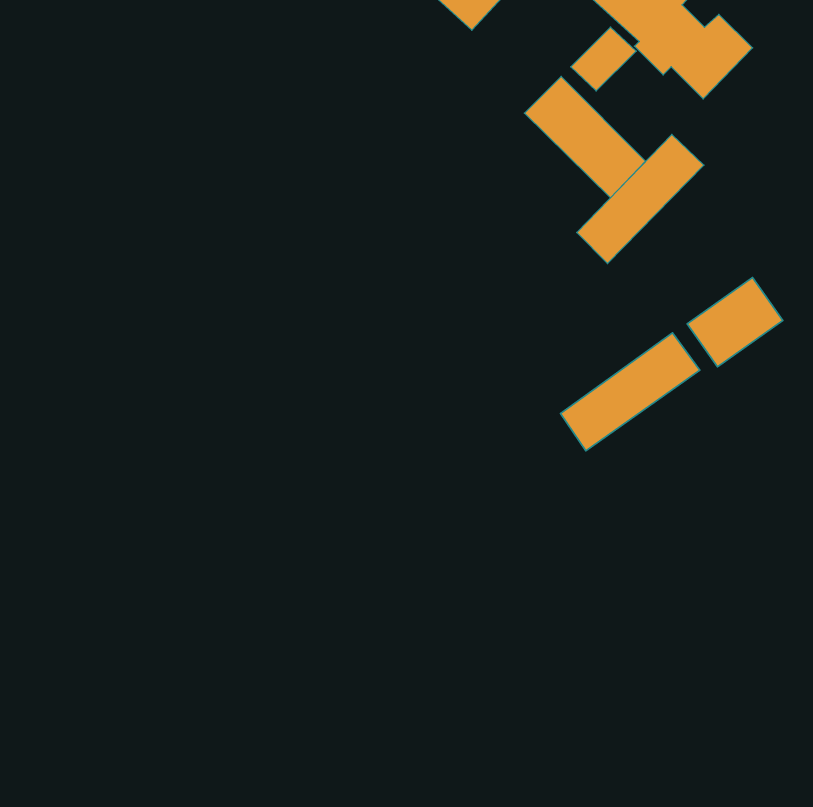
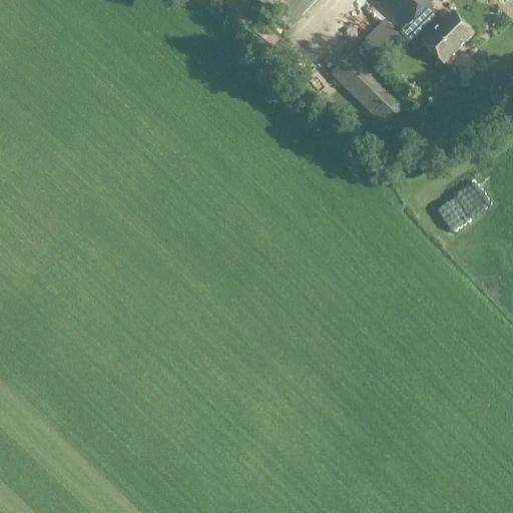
building: [577,135,704,263] -> none
building: [560,333,700,451] -> none

